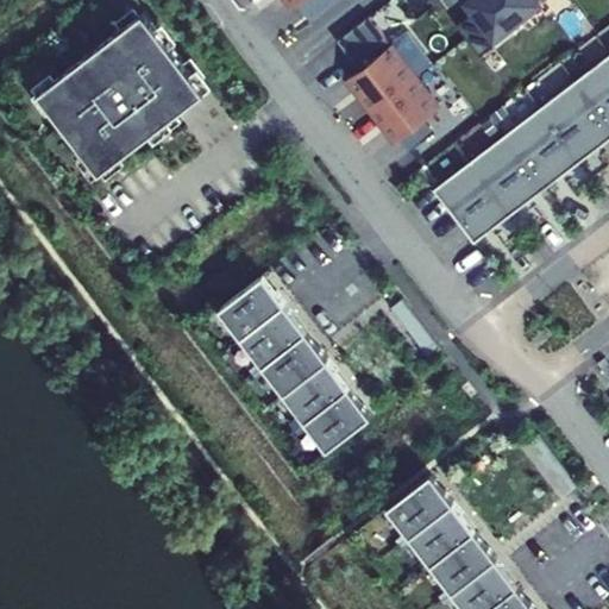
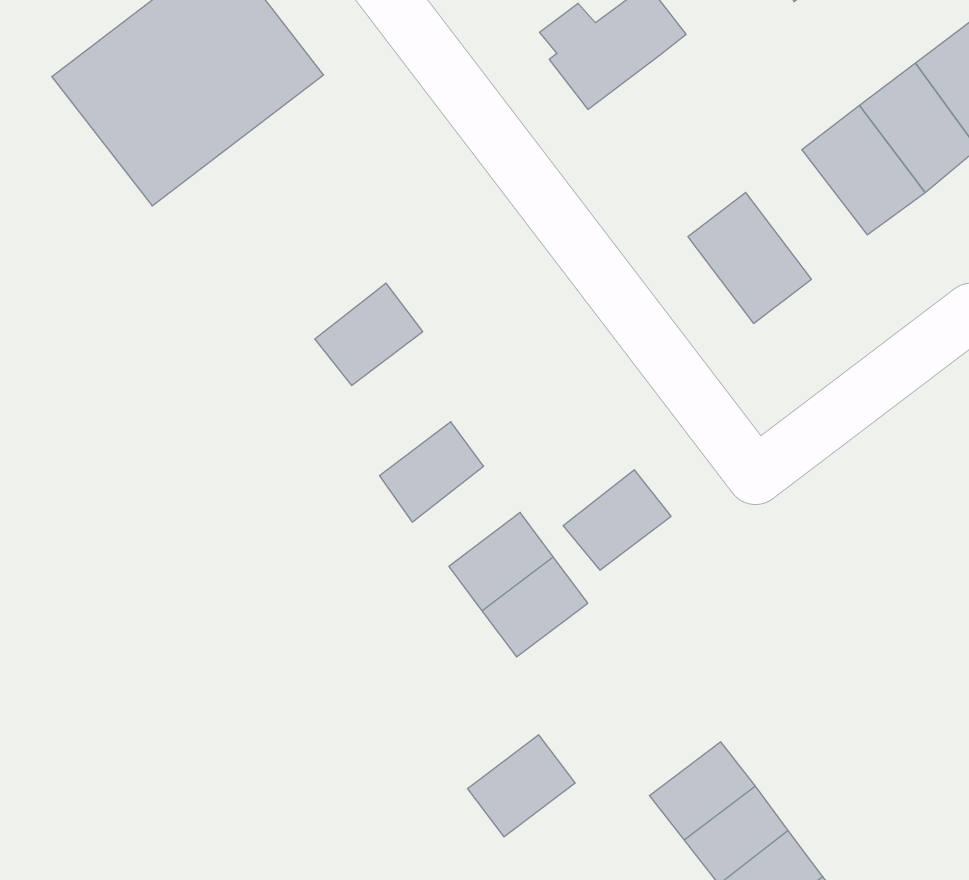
building: [366,82,434,156] -> none
building: [464,140,539,220] -> none
building: [215,278,282,341] -> [315,283,423,385]
building: [258,335,325,397] -> [563,470,671,570]
building: [382,476,448,539] -> [467,735,575,837]

